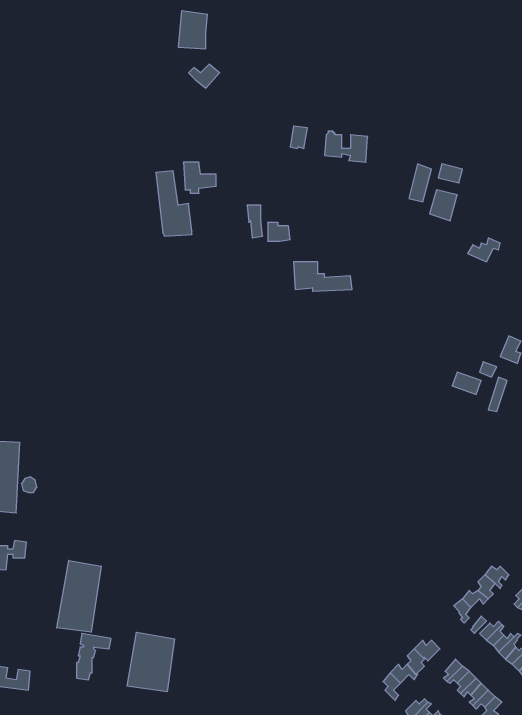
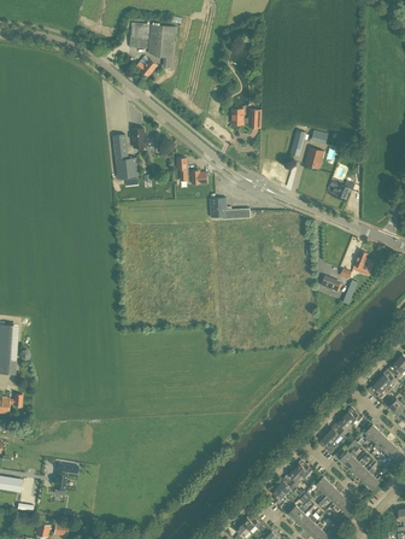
building: none -> [147,24,175,68]
building: [57,560,101,632] -> none
building: [127,632,174,692] -> none

